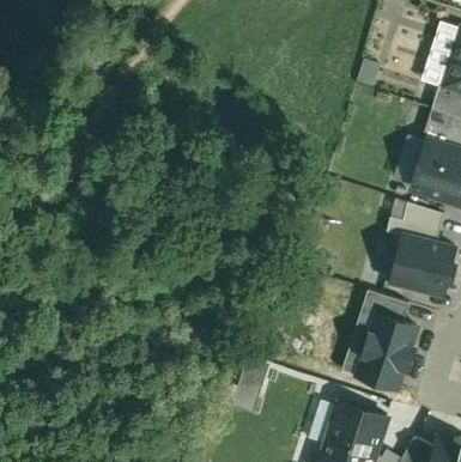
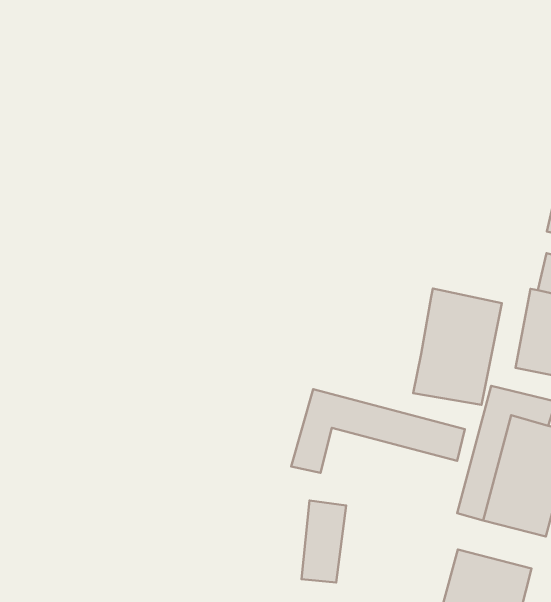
building: none -> [413,289,502,405]
building: none -> [291,389,465,473]

